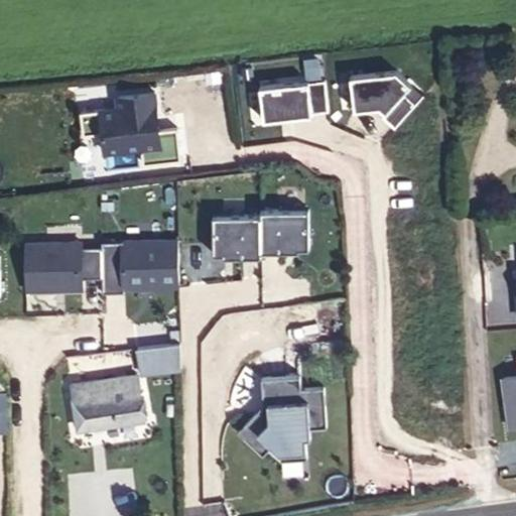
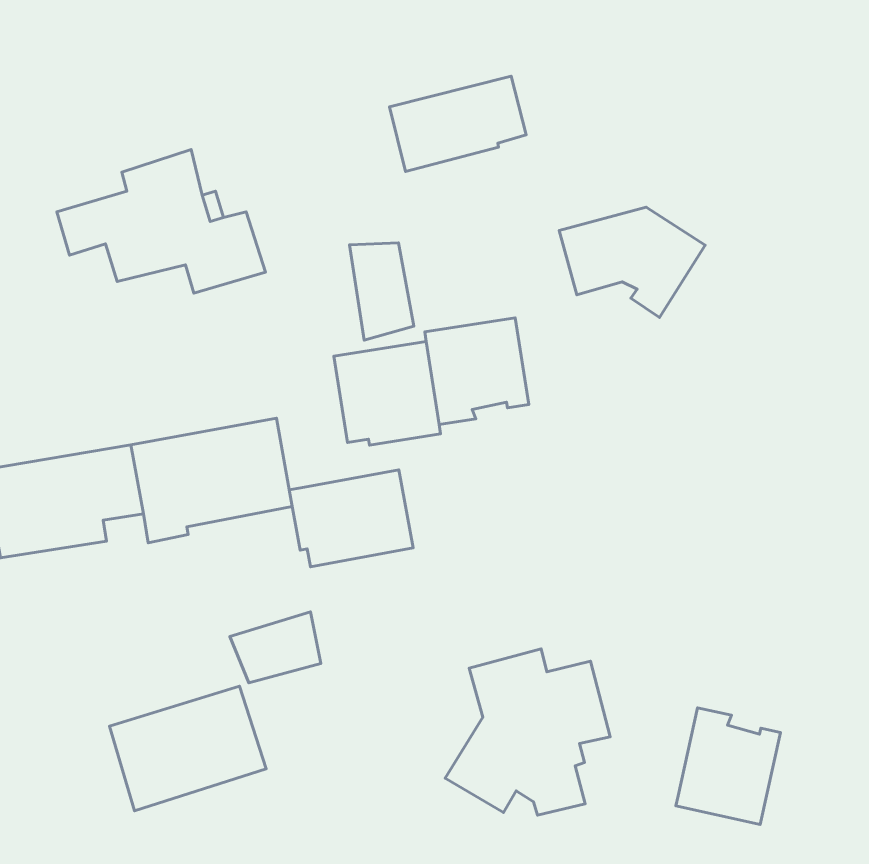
building: [350,75,423,132] -> [559,207,705,317]
building: none -> [349,243,414,340]
building: none -> [289,470,413,567]
building: none -> [676,708,781,825]

